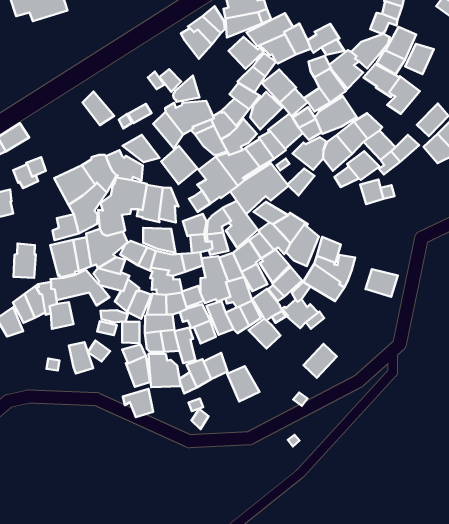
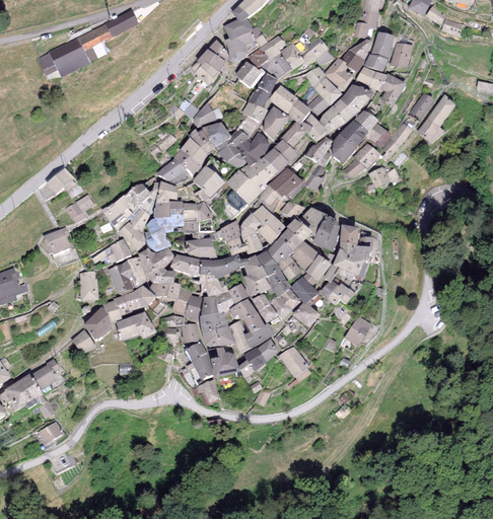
building: none -> [340,84,373,115]
building: [82,91,114,125] -> [171,149,201,177]
building: [365,269,398,297] -> none
building: none -> [243,322,275,348]
building: [69,342,93,374] -> [132,310,156,339]

